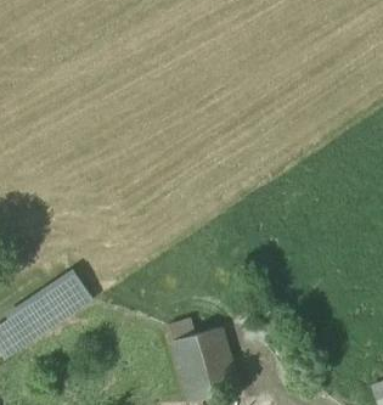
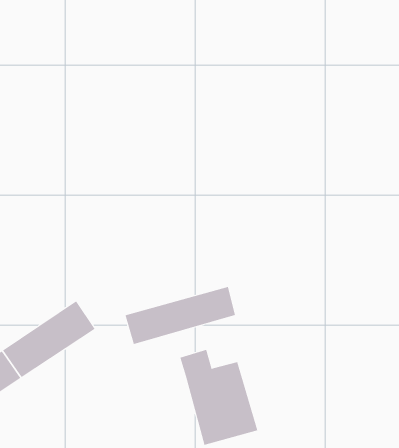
building: none -> [125,286,235,345]

